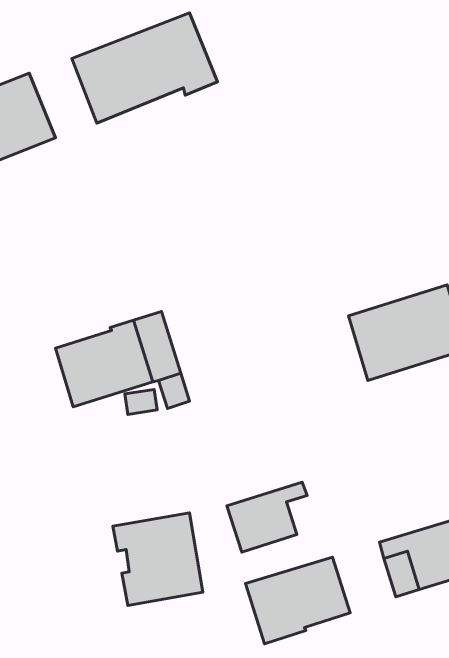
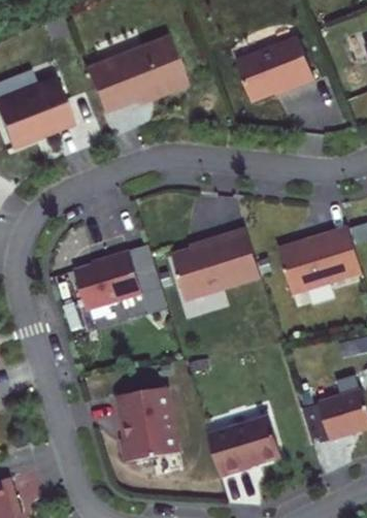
building: none -> [236,38,315,103]
building: none -> [172,228,261,300]
building: [227,482,307,552] -> none

